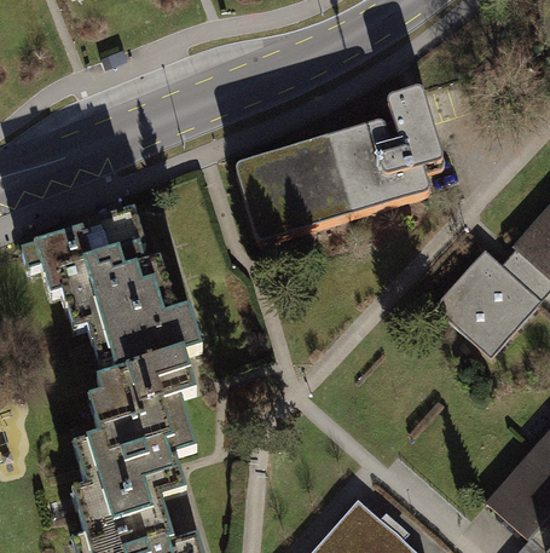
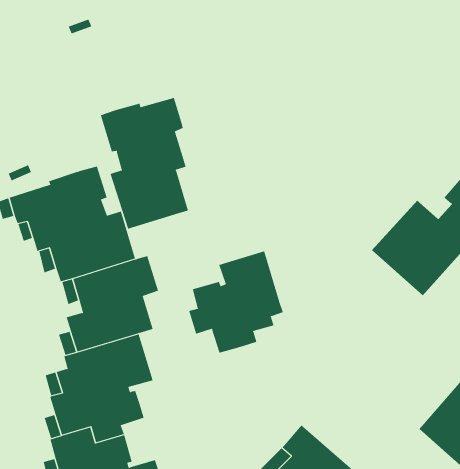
building: [237,88,442,242] -> none
building: none -> [100,97,188,230]
building: none -> [188,251,283,354]

